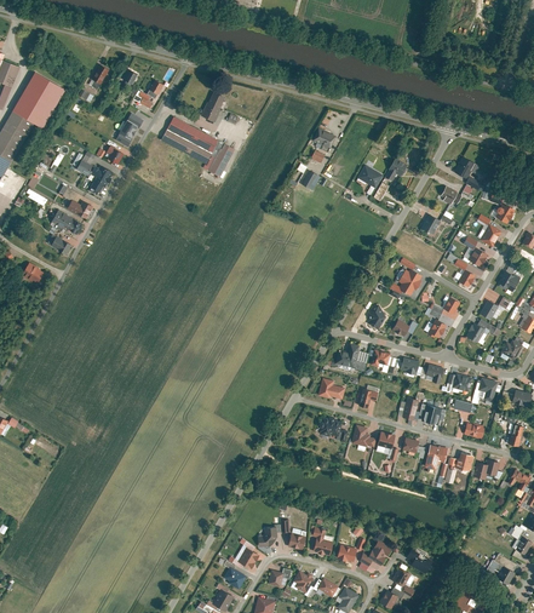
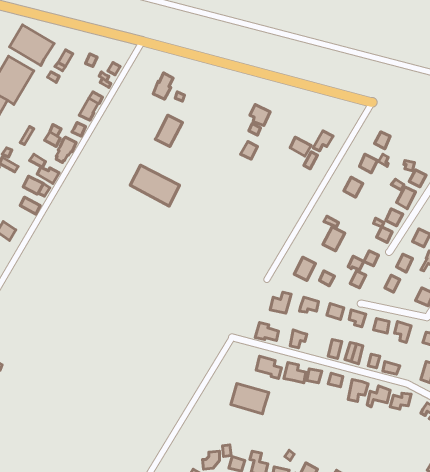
building: none -> [9,25,54,65]
building: [161,118,218,165] -> [130,165,180,206]
building: none -> [231,383,269,414]

